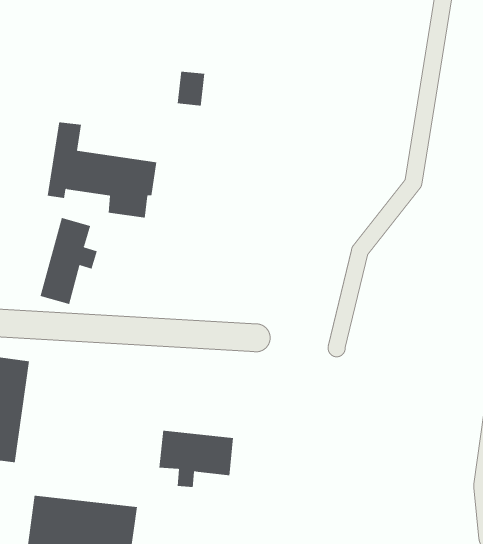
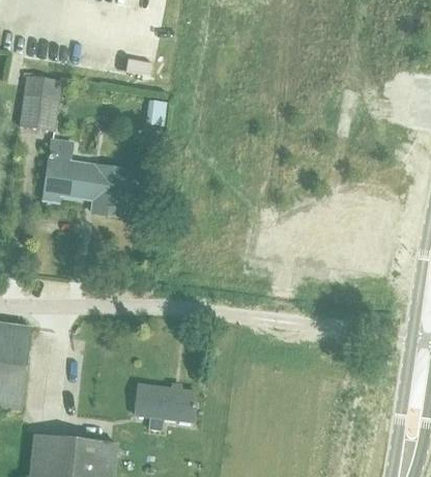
building: none -> [21,80,61,128]
building: [40,217,97,305] -> none

